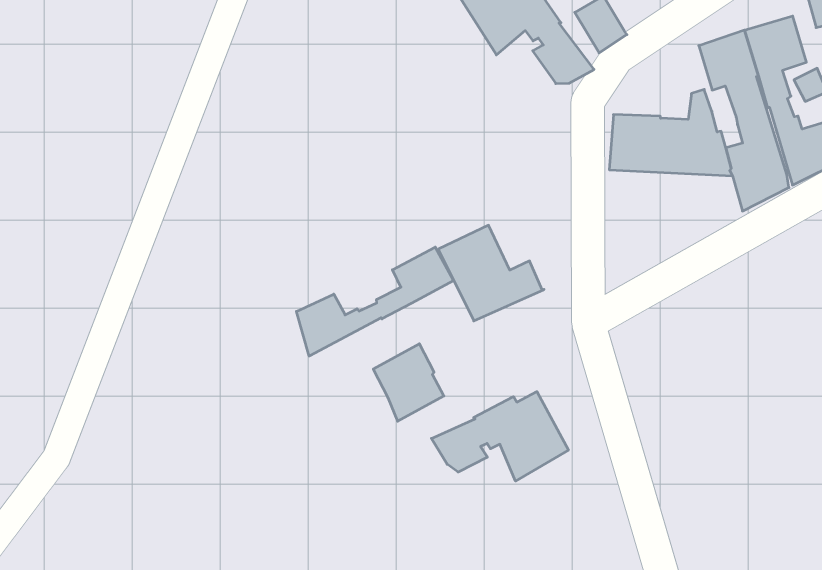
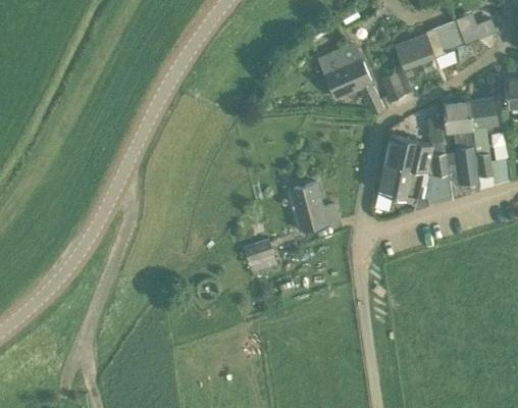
building: none -> [378,164,451,205]
building: [296,247,454,356] -> none
building: [431,392,568,481] -> none

